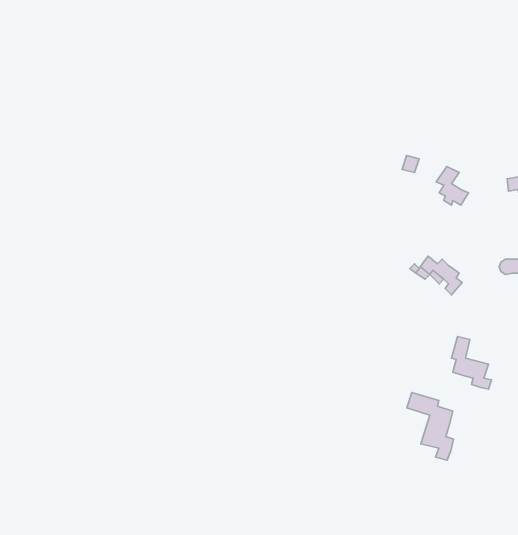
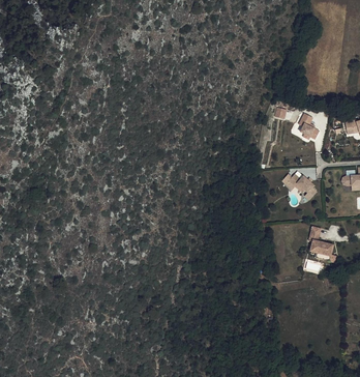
building: [407,393,454,460] -> none

